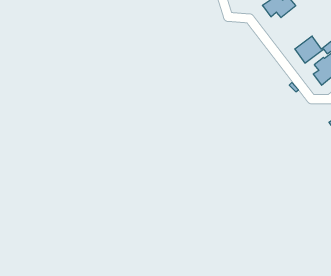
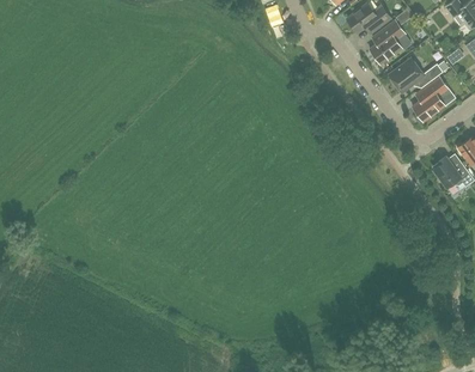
building: none -> [369,20,403,63]

